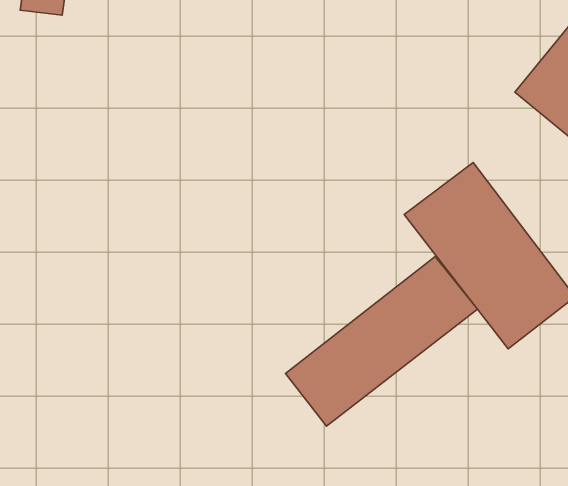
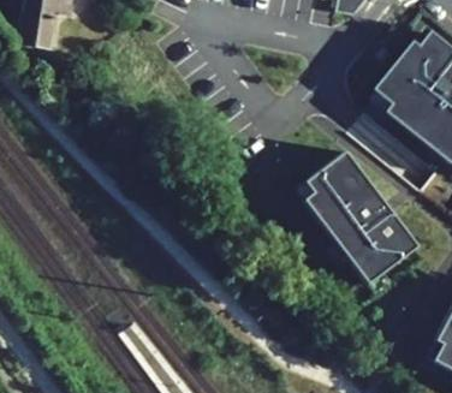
building: [286,256,478,426] -> none

